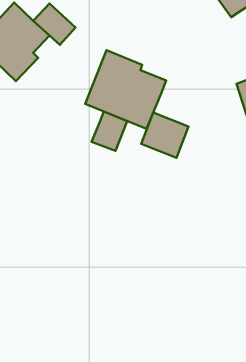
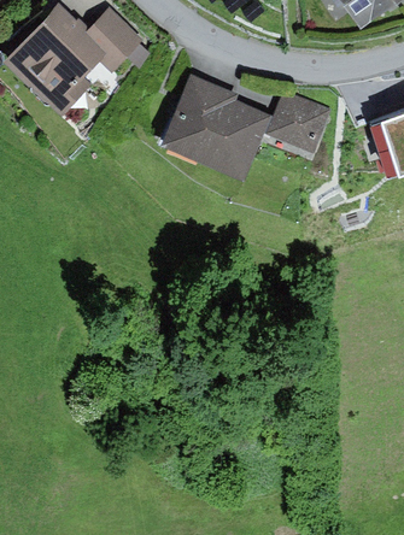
building: [92,112,127,151] -> none
building: [141,113,189,158] -> [265,89,332,152]

